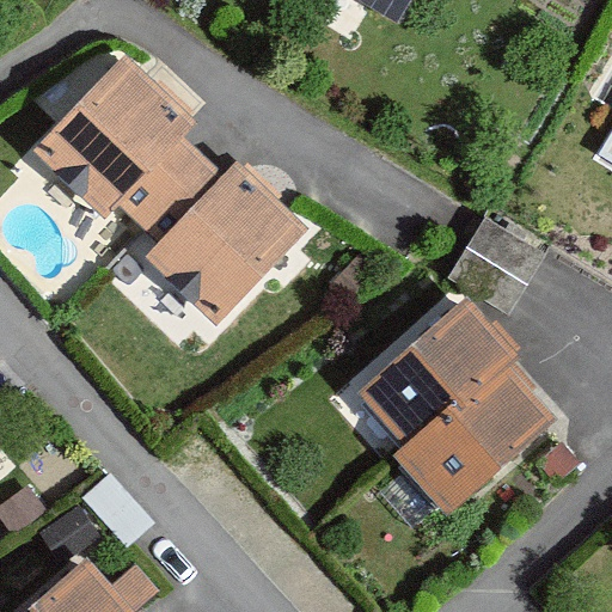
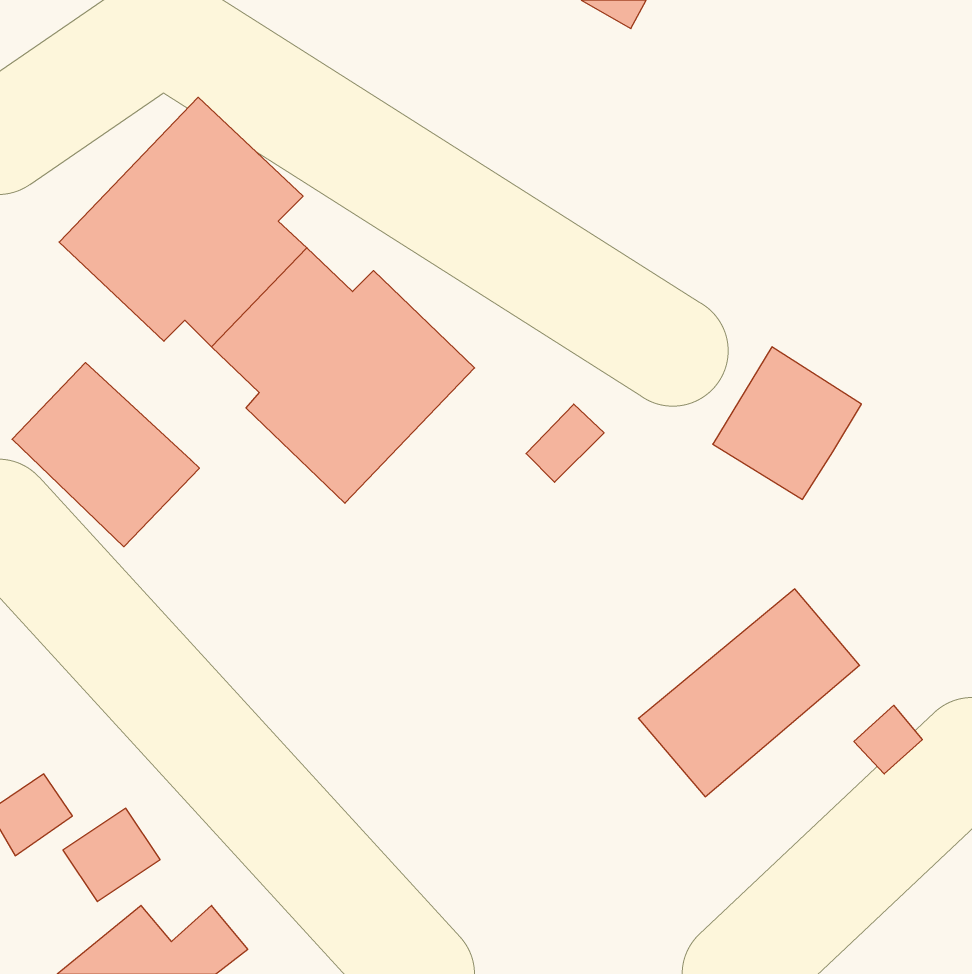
building: none -> [12,363,199,547]
building: [362,305,510,445] -> none

